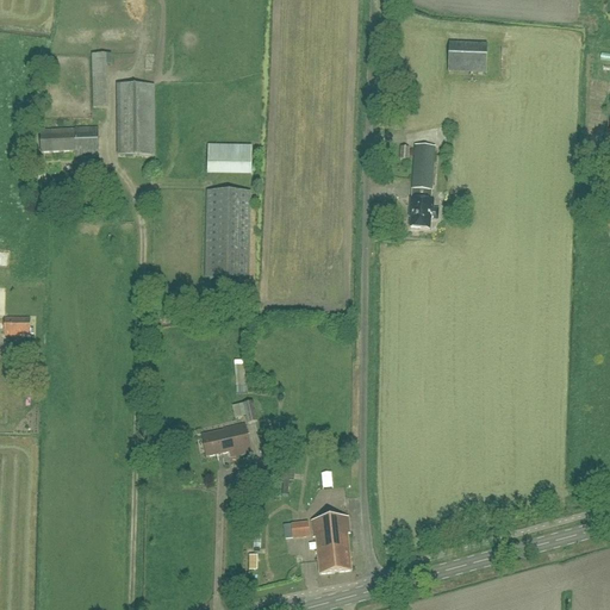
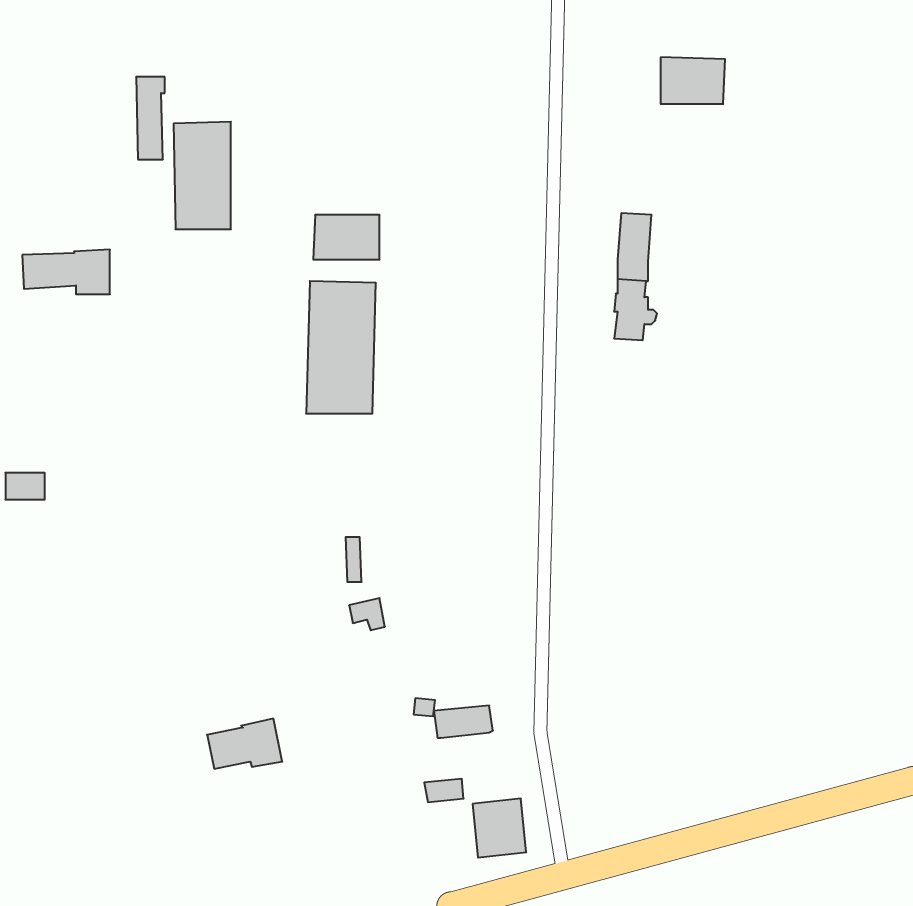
building: [39,124,98,154] -> [22,250,110,294]
building: [200,421,250,454] -> [207,719,282,769]
building: [310,513,349,535] -> [434,706,493,738]

